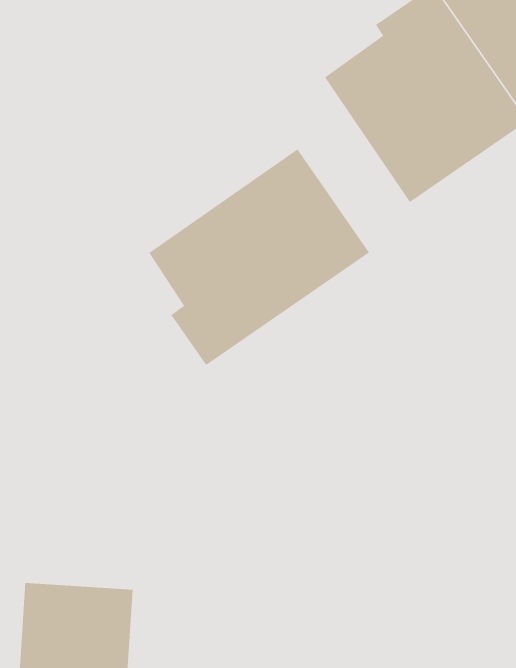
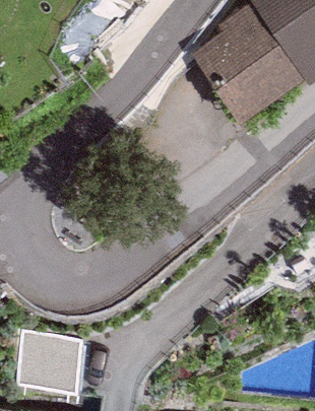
building: [148,148,370,366] -> none

